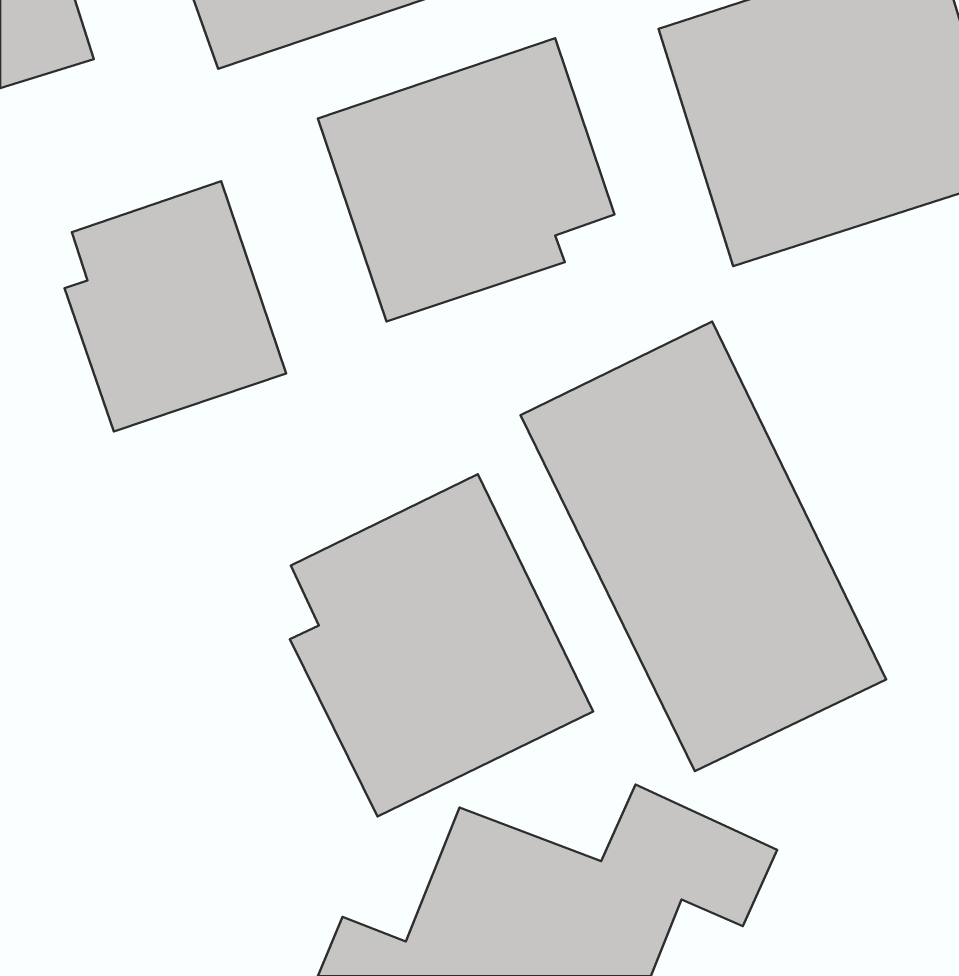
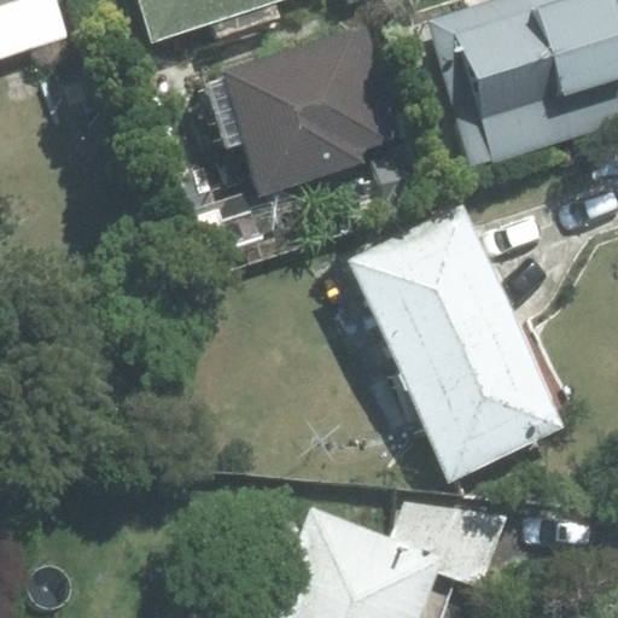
building: [64,181,286,432] -> none
building: [290,474,593,816] -> none

